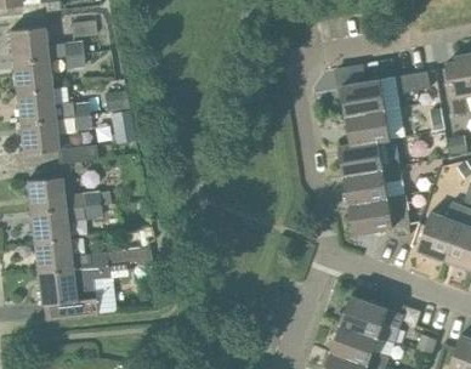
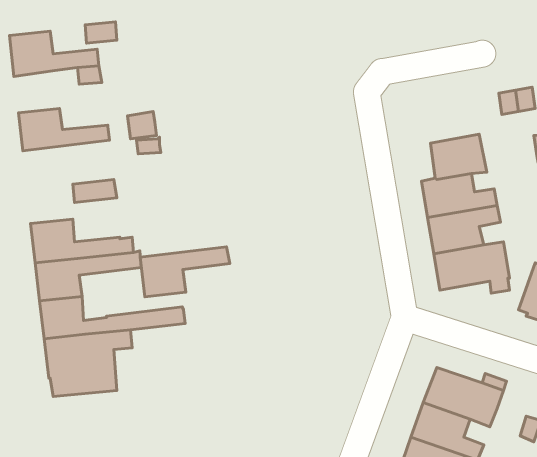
building: [13,58,50,92] -> none
building: [341,80,386,117] -> none
building: [21,114,92,154] -> [140,247,230,297]

